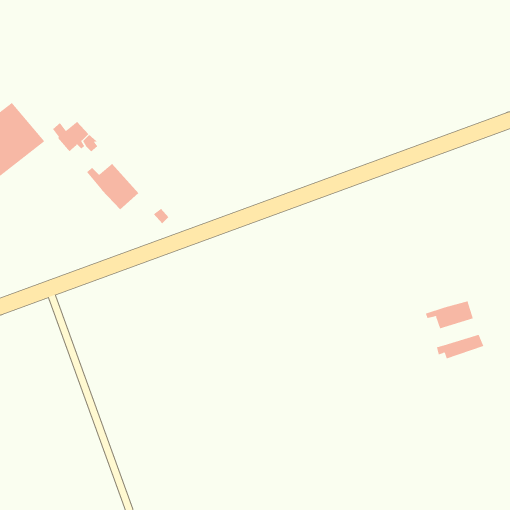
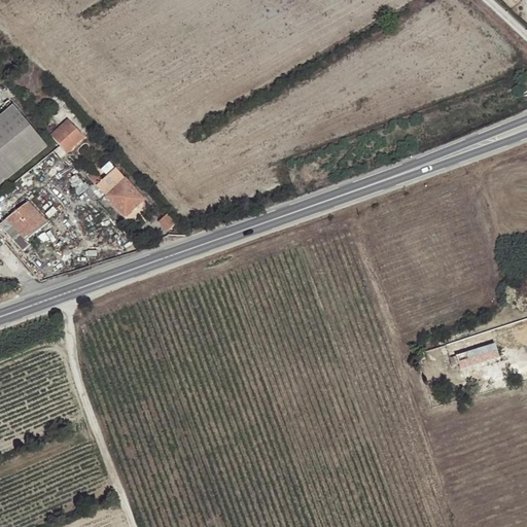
building: none -> [5,199,47,240]
building: [425,300,473,329] -> none

